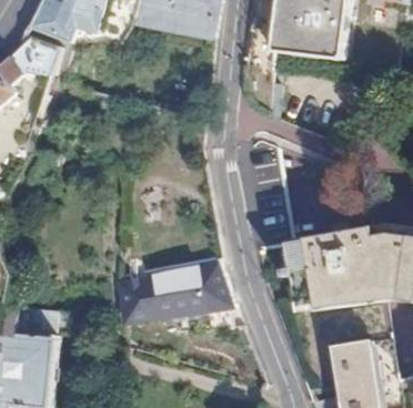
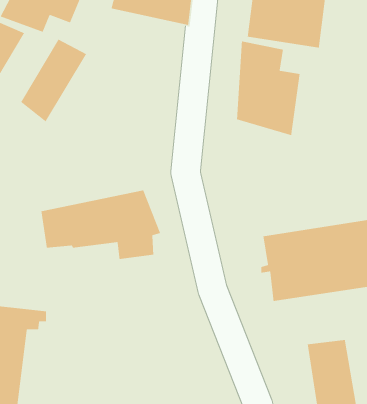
building: none -> [20,39,87,123]
building: none -> [236,41,301,136]
building: [115,262,233,330] -> [41,189,161,260]

